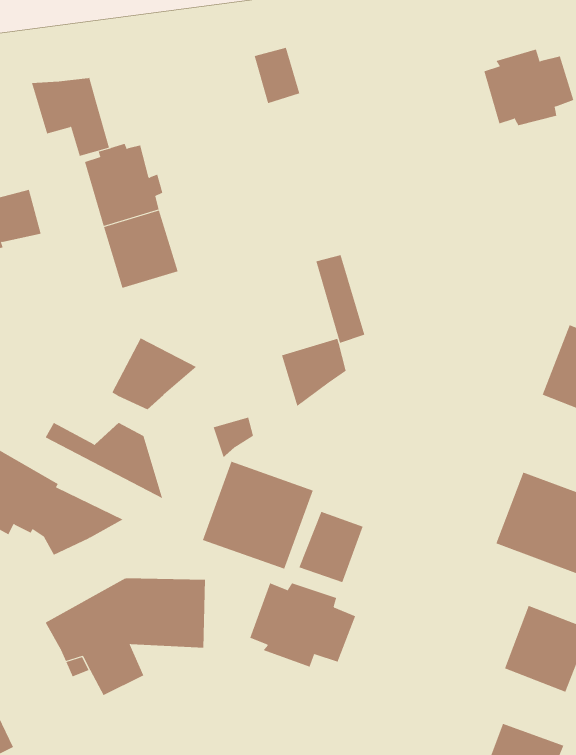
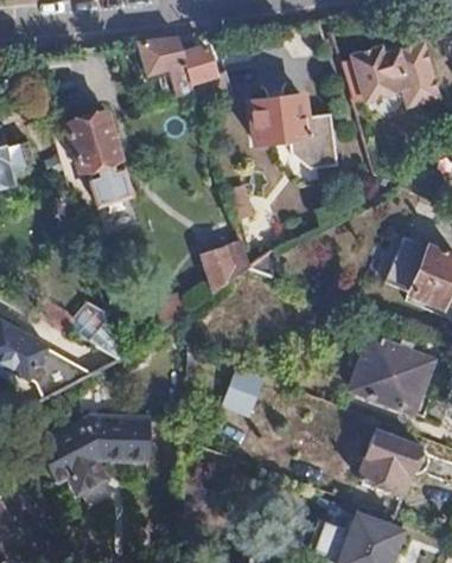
building: [31,76,110,156] -> [140,34,195,90]
building: none -> [254,96,340,167]
building: [111,337,197,410] -> none
building: [202,461,313,570] -> none
building: [250,583,356,668] -> none

